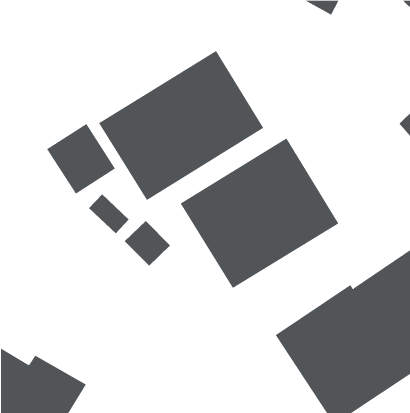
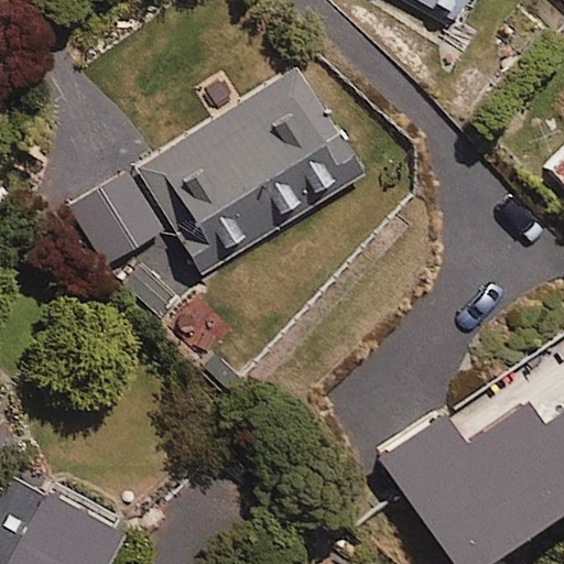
building: [180,138,339,289] -> none

